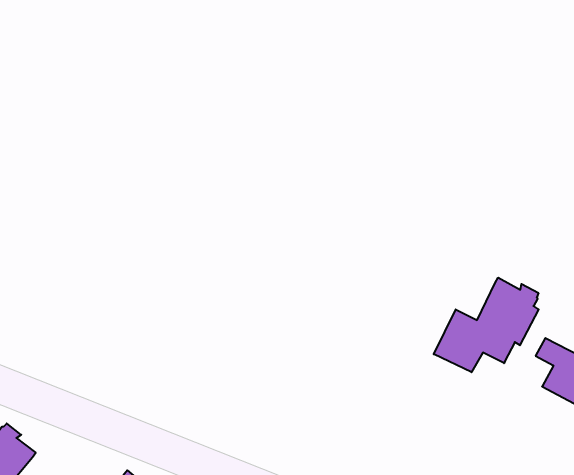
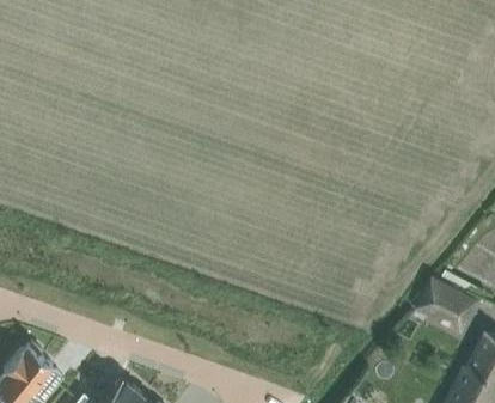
building: [434,278,539,372] -> none

